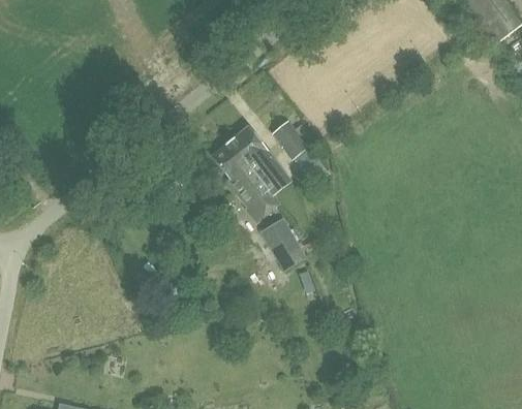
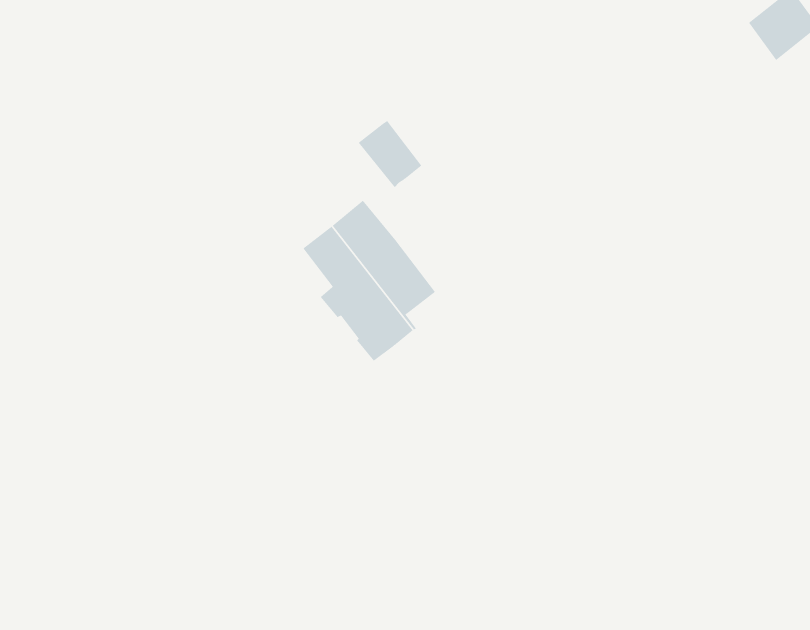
building: [270,120,308,160] -> [358,120,422,188]
building: [259,218,305,271] -> none

